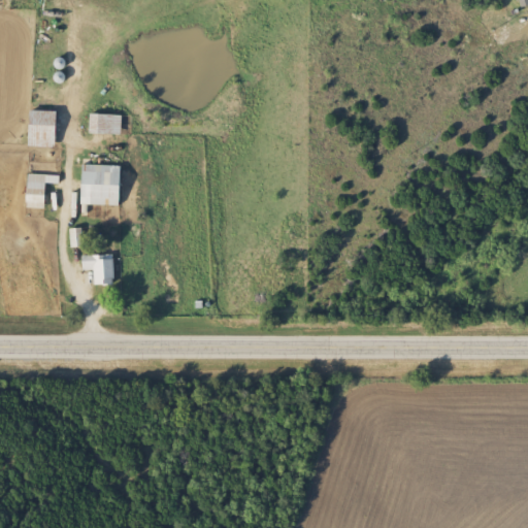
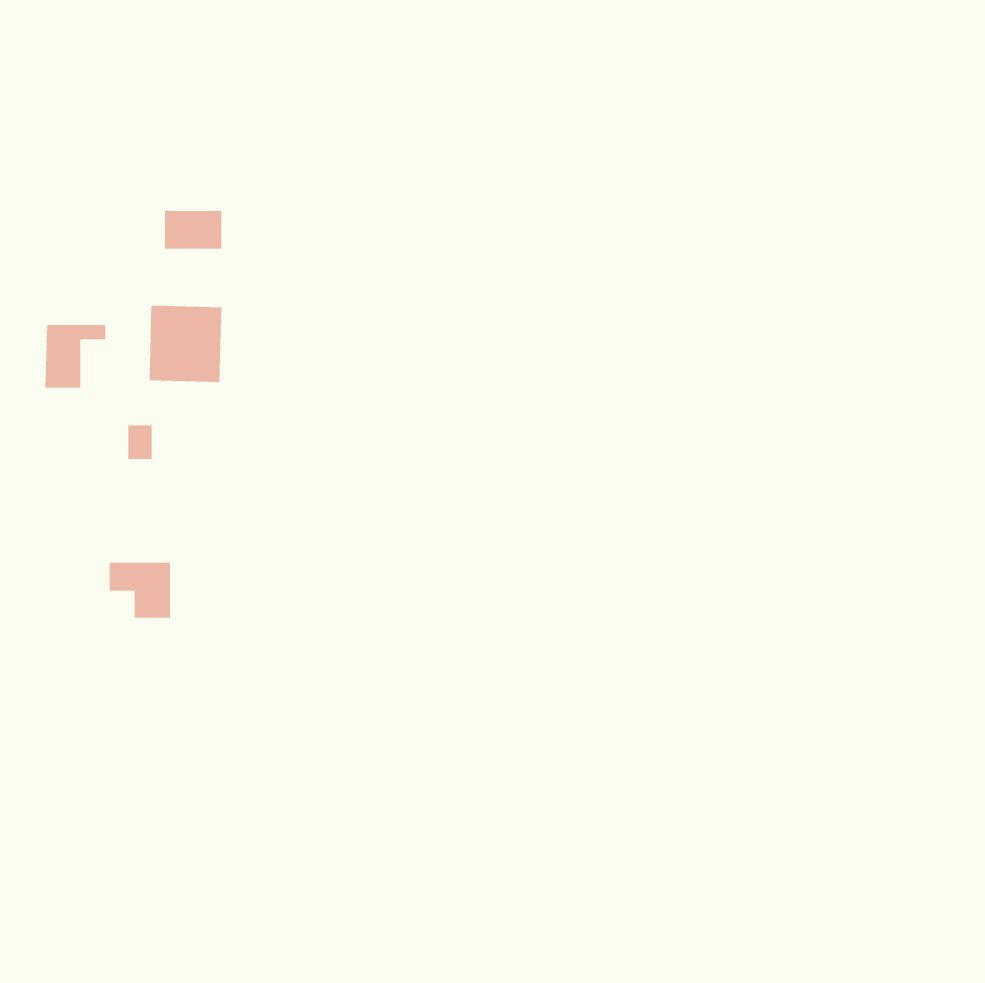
building: [28,109,56,145] -> none
building: [80,254,113,284] -> [109,562,171,618]

